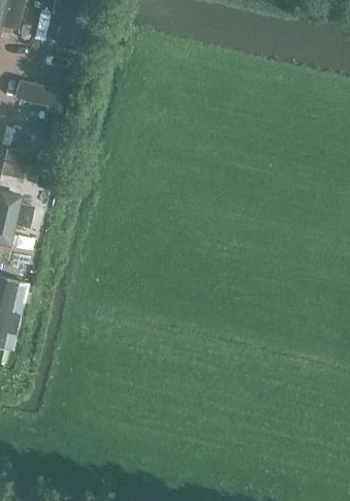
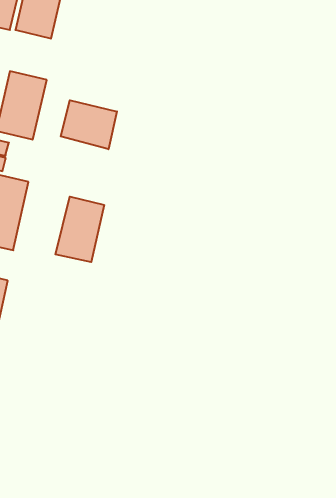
building: none -> [61,100,117,149]
building: none -> [55,197,104,262]

